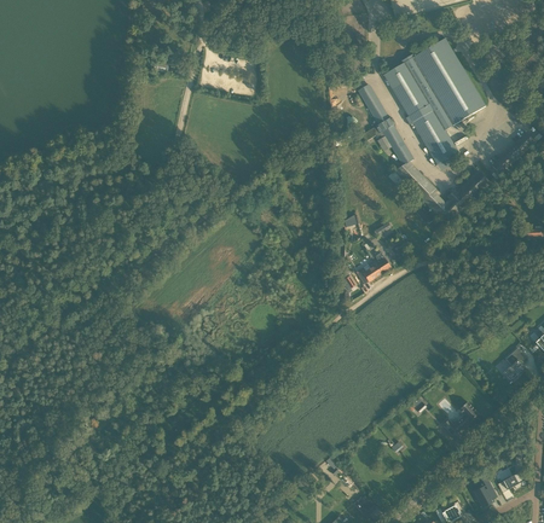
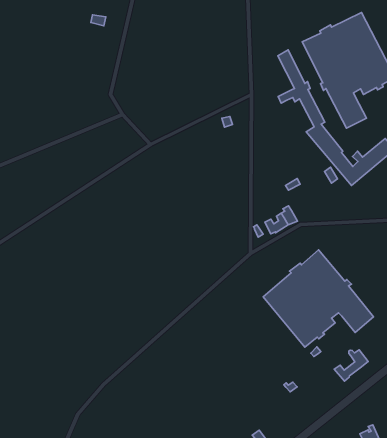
building: none -> [263,250,374,347]

